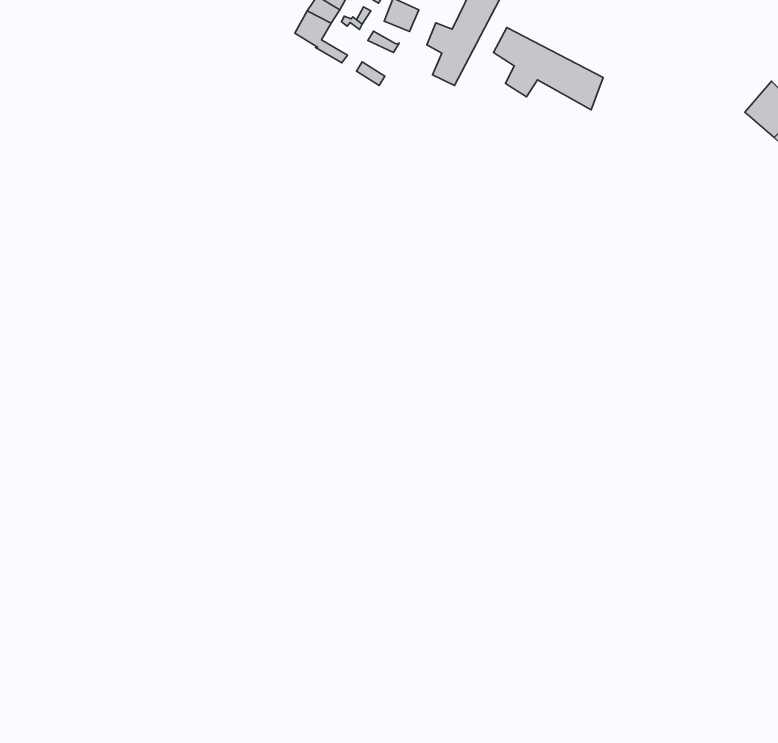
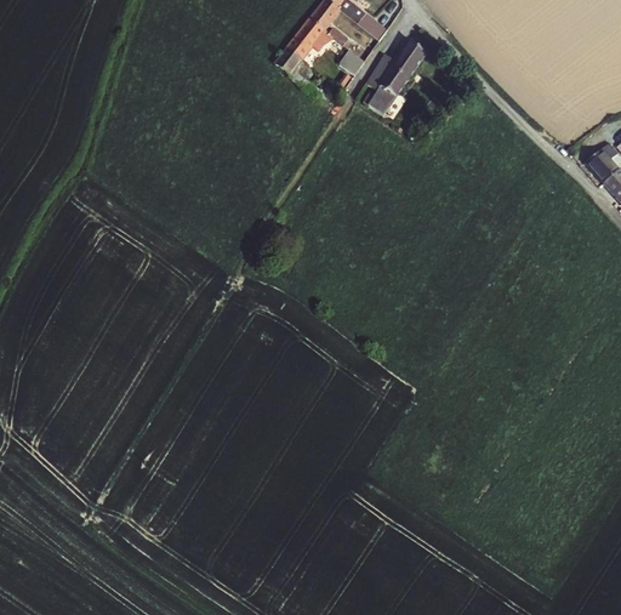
building: [493,28,603,110] -> none

